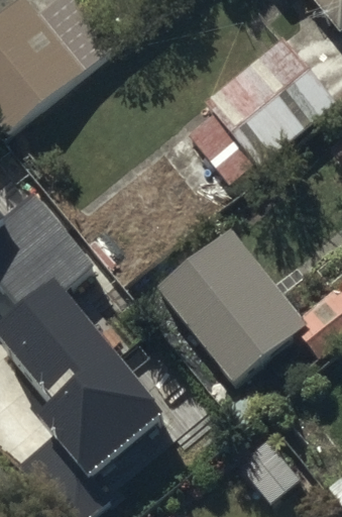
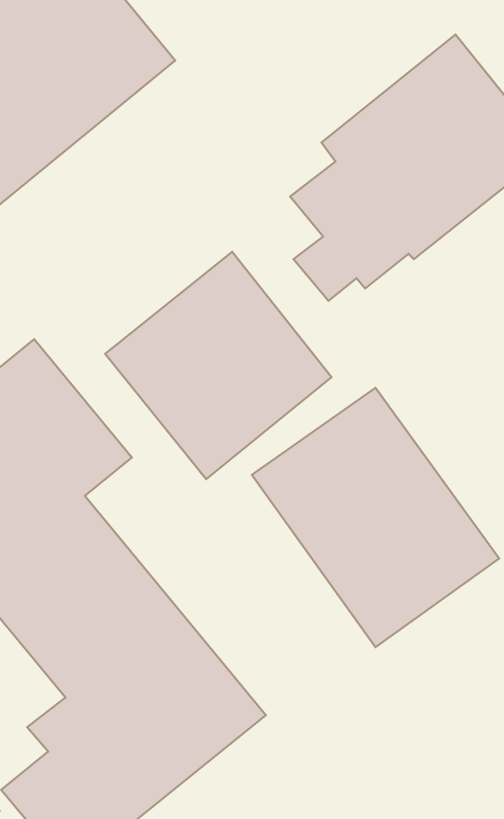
building: none -> [105,252,331,479]

